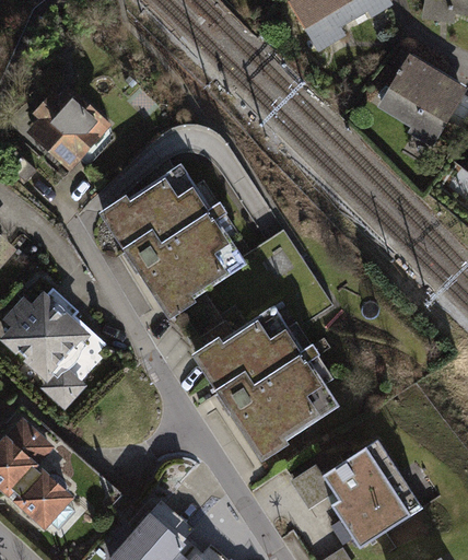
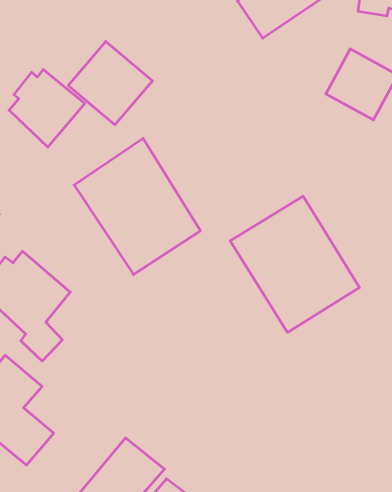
building: none -> [68,41,152,125]
building: [189,310,335,463] -> [230,196,359,332]
building: [286,436,423,549] -> none

